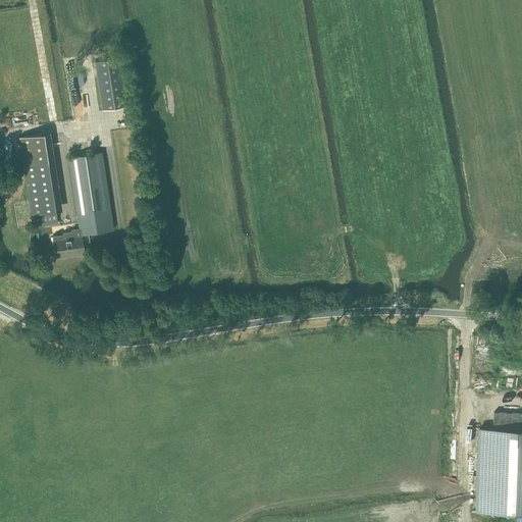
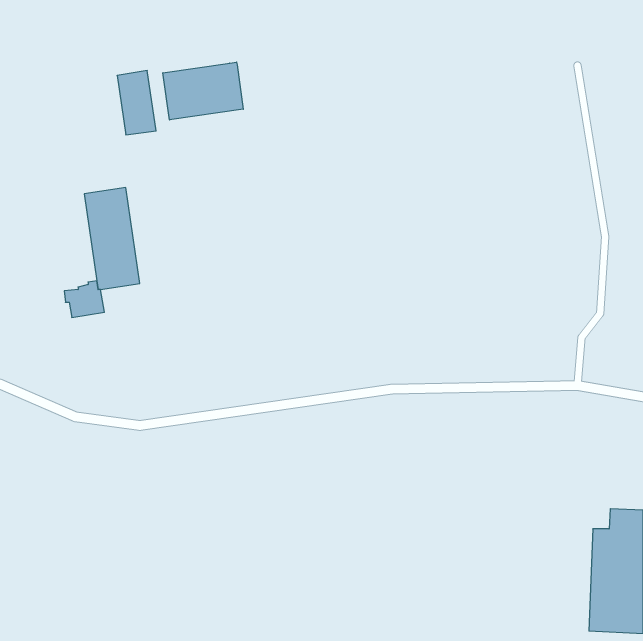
building: none -> [163,62,243,120]
building: [19,134,63,229] -> none

